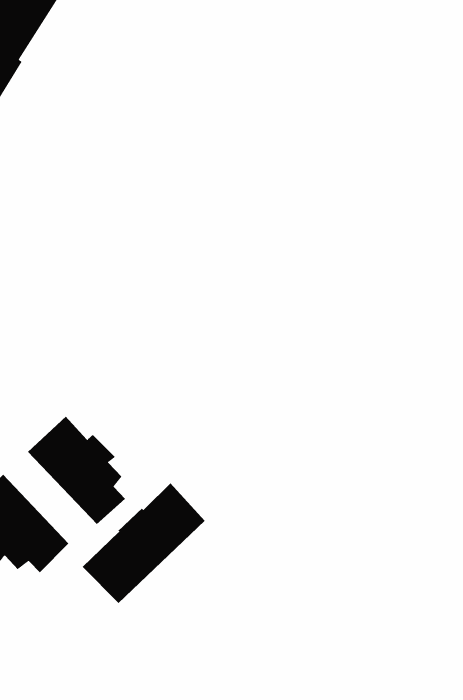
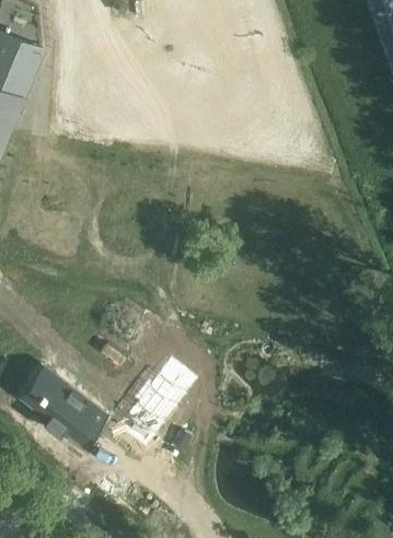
building: [27,416,126,525] -> none

